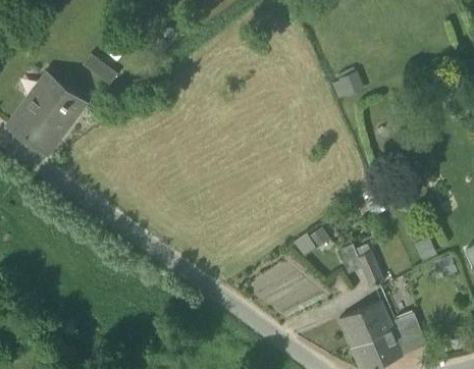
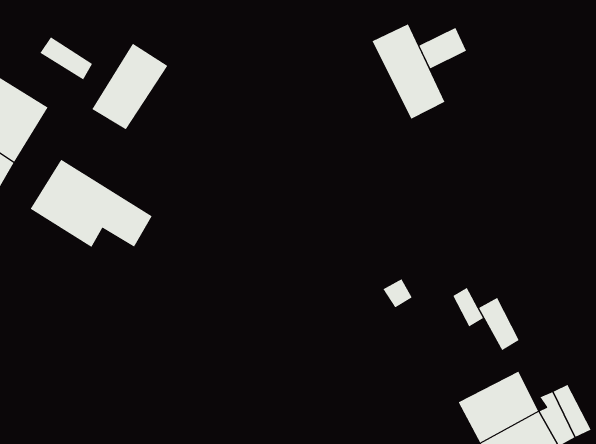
building: none -> [91,43,168,130]
building: none -> [372,24,445,119]
building: none -> [30,159,152,248]

